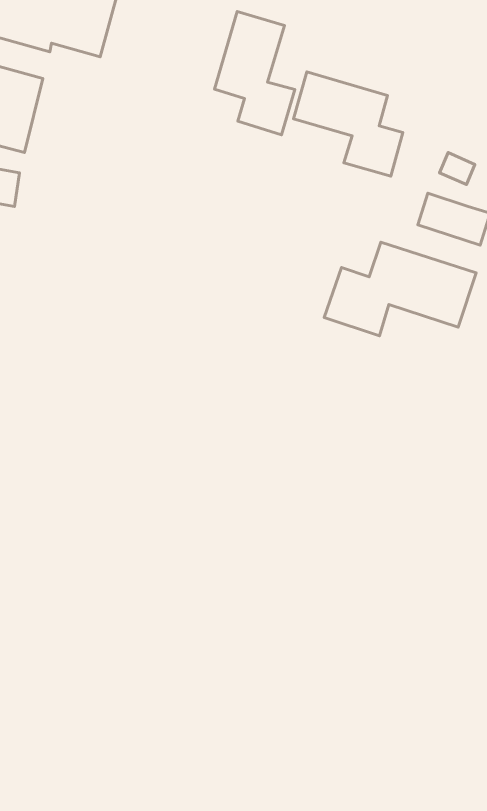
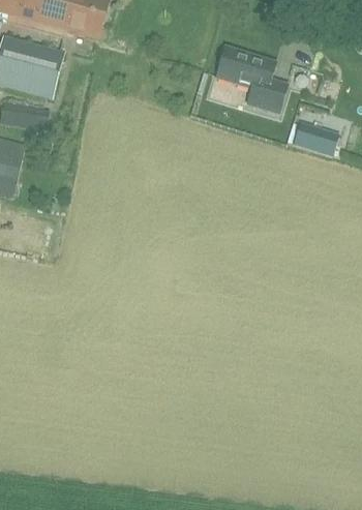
building: [214,11,295,135] -> none
building: [324,242,476,336] -> none

